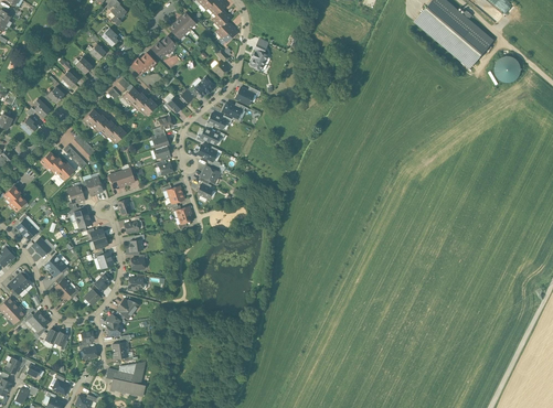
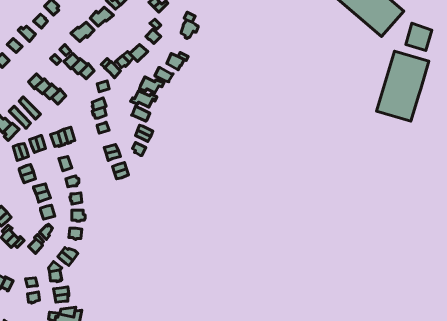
building: none -> [376,51,429,121]

